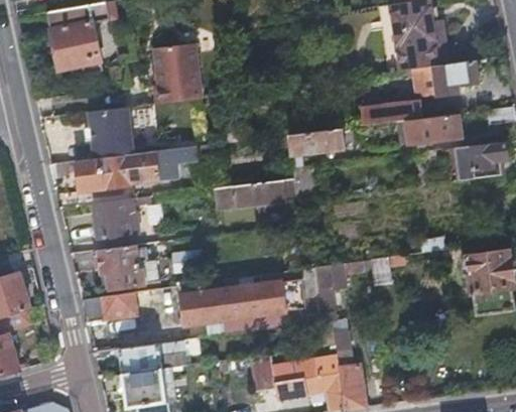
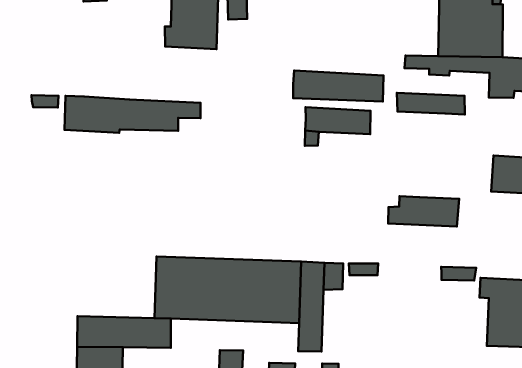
building: [90,107,135,157] -> none
building: [400,115,462,146] -> [388,196,459,227]
building: [217,179,297,212] -> [293,70,384,101]
building: [91,196,131,238] -> none
building: [99,244,162,287] -> none
building: [83,290,136,320] -> none

